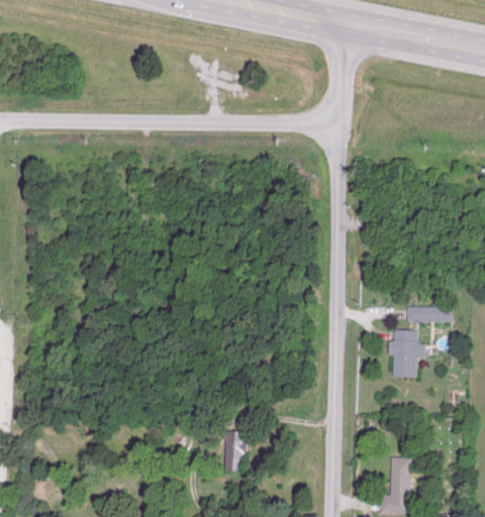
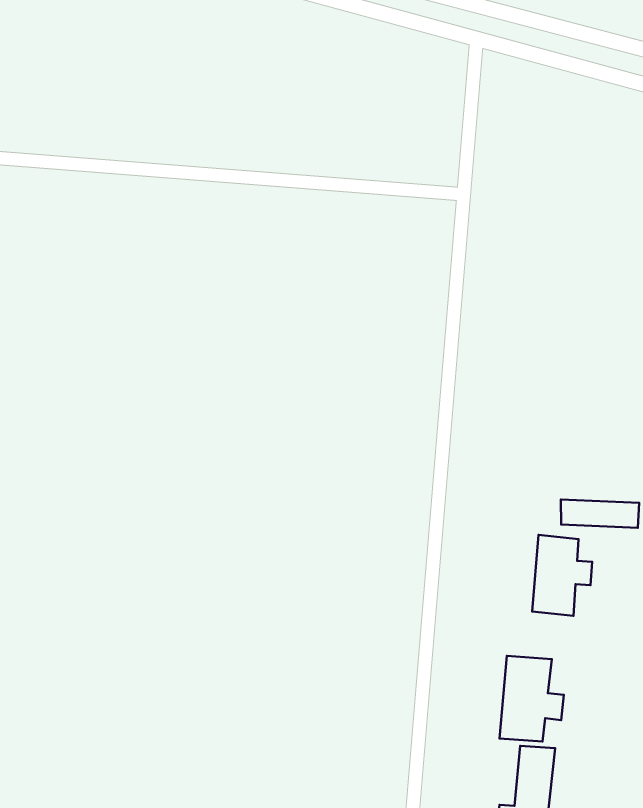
building: none -> [499,656,564,741]
building: [221,431,244,472] -> none

